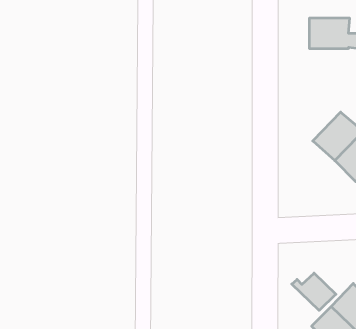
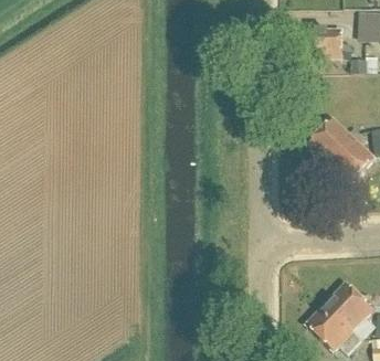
building: [292,273,336,310] -> none

